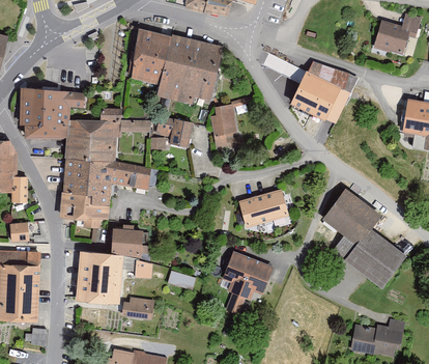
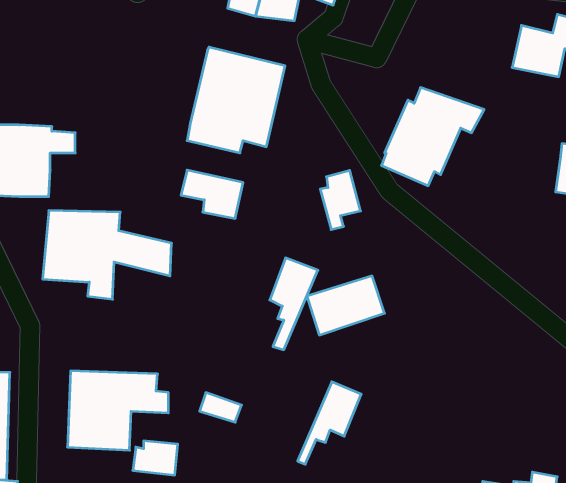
building: [132,31,172,86] -> none
building: [211,105,238,144] -> [320,170,361,230]
building: [66,107,149,145] -> none
building: [323,187,406,288] -> none
building: [58,190,109,226] -> none
building: [112,229,144,254] -> none
building: [223,250,255,311] -> [270,258,318,350]

